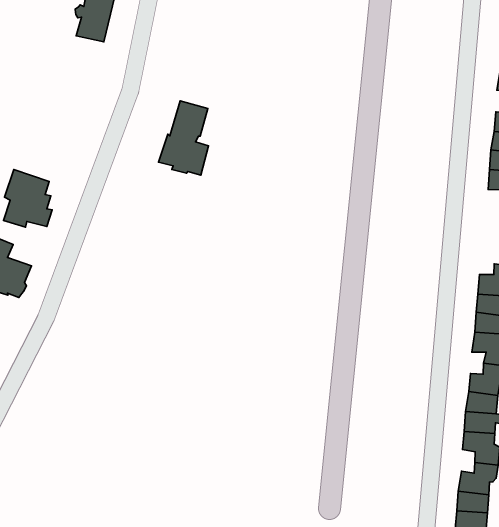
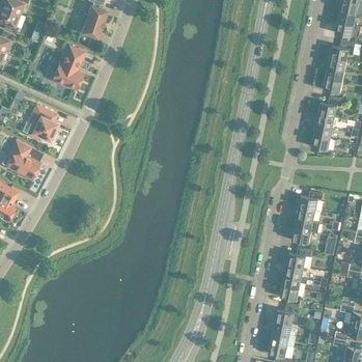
building: [158,101,208,175] -> [53,45,85,89]

